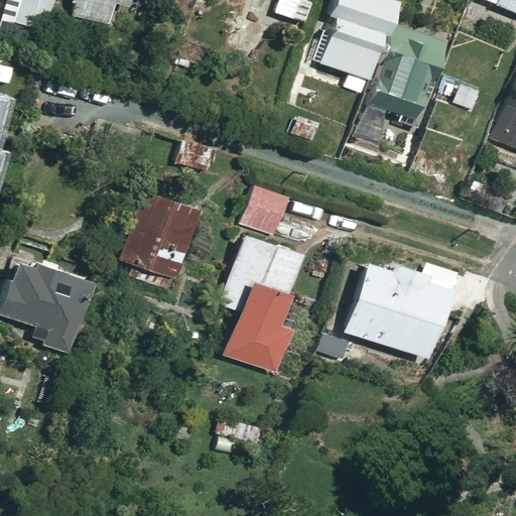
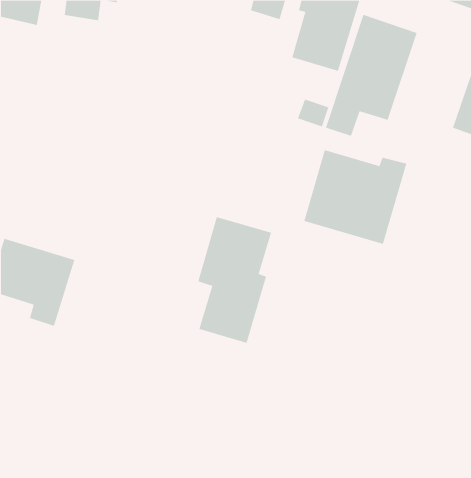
building: [244,186,291,236] -> none
building: [119,191,199,278] -> none
building: [345,256,456,358] -> [304,150,407,245]

